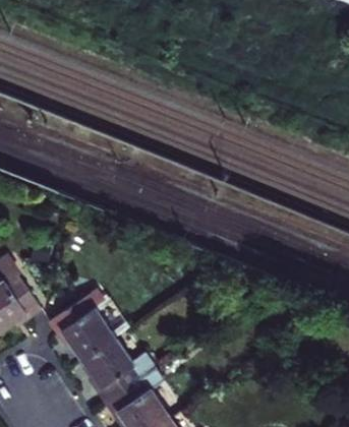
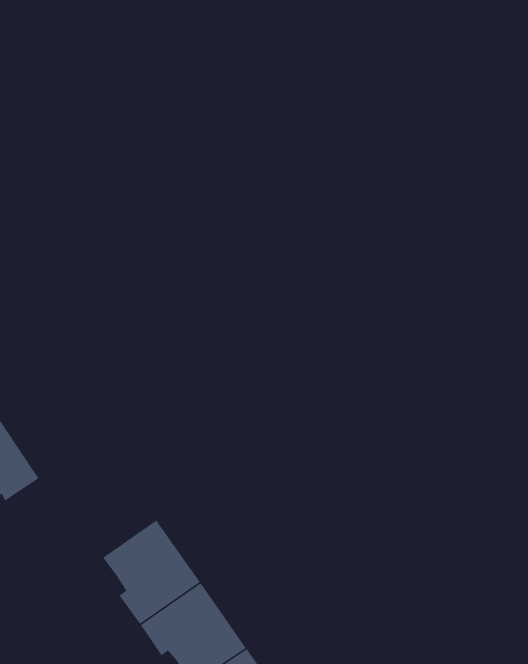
building: [47,294,113,358] -> none

